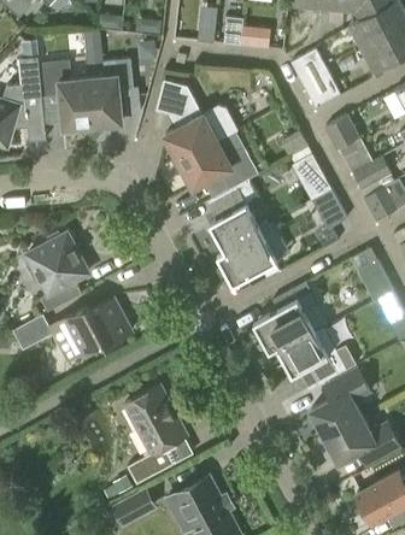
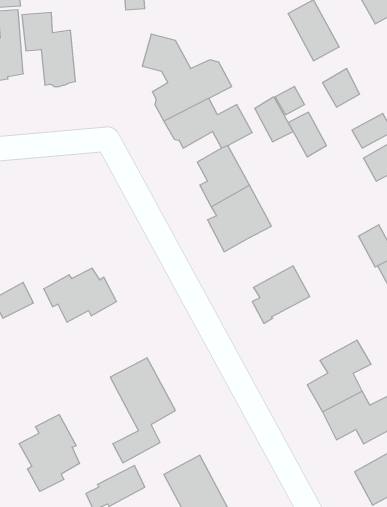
building: [87,60,133,128] -> none
building: [310,187,346,229] -> [255,97,293,142]
building: [25,234,87,312] -> none
building: [276,328,357,392] -> none
building: none -> [19,415,79,491]

